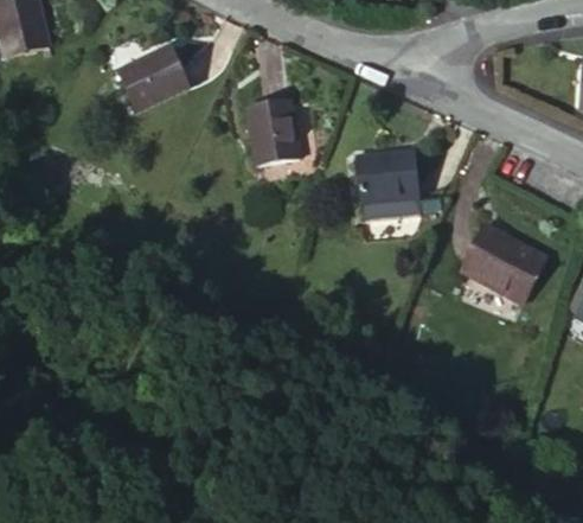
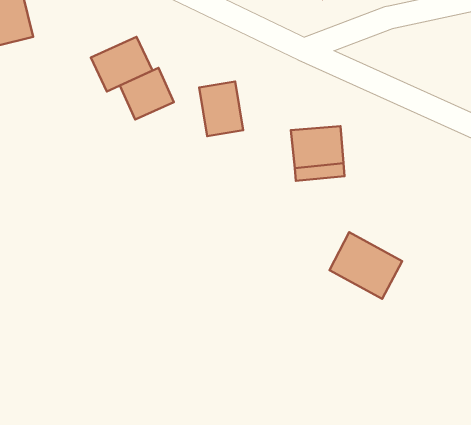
building: none -> [120,68,174,120]
building: [461,224,547,304] -> [329,232,402,299]

